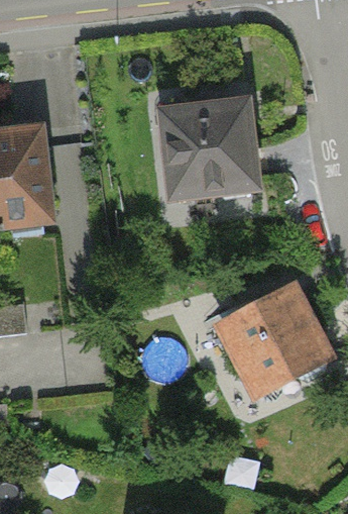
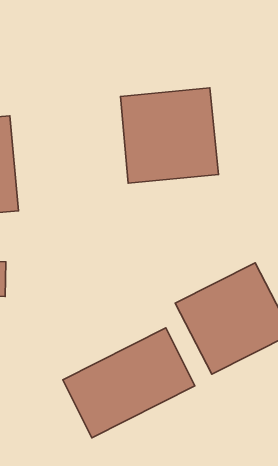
building: none -> [63,328,195,438]

